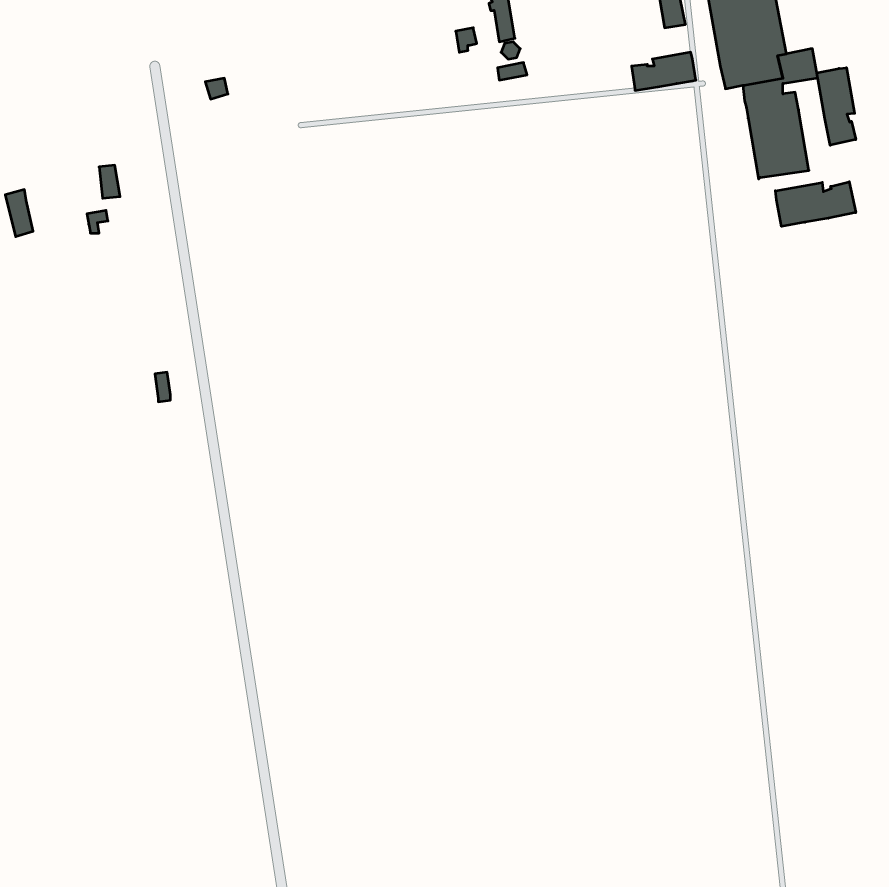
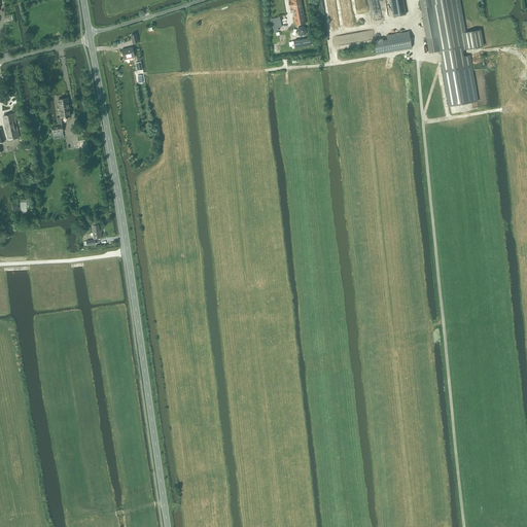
building: [817,68,856,145] -> none
building: [775,182,856,226] -> none

